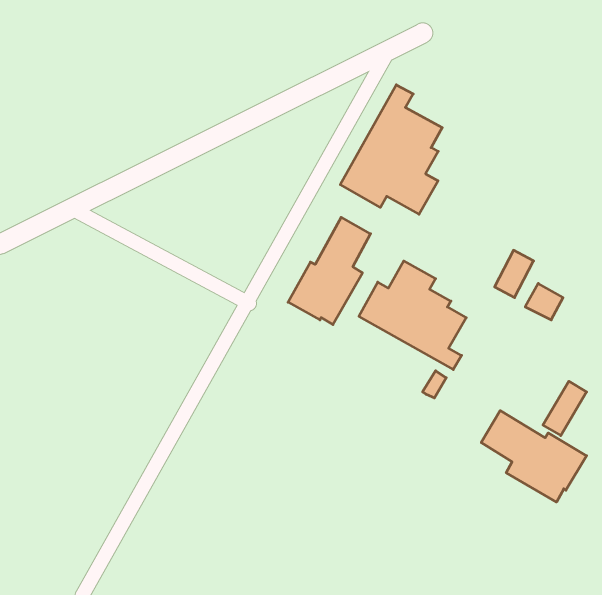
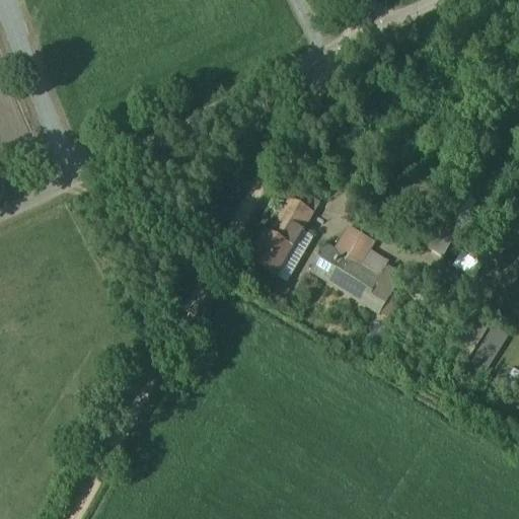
building: [340,85,442,214] -> none
building: [481,411,587,502] -> none

